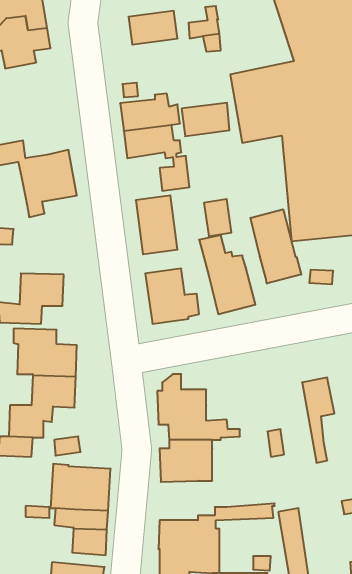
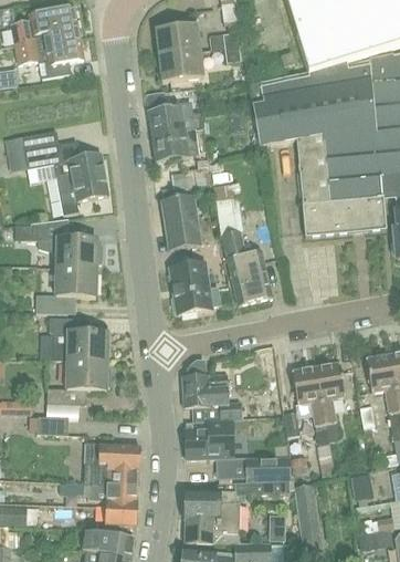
building: [182,103,229,136] -> [158,49,202,80]
building: [251,209,301,284] -> none
building: none -> [55,237,96,267]
building: none -> [291,366,328,443]
building: none -> [244,456,290,481]

